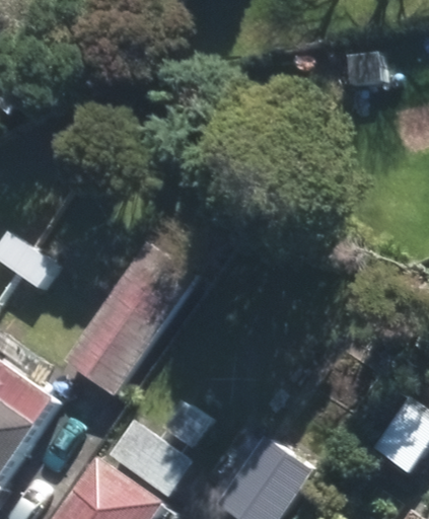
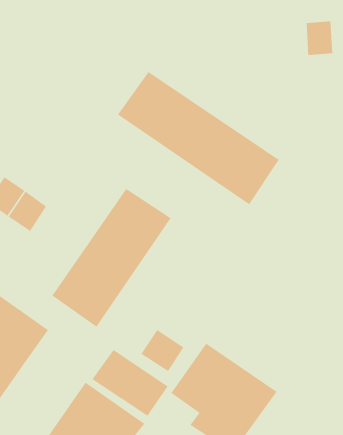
building: none -> [117,71,279,205]

